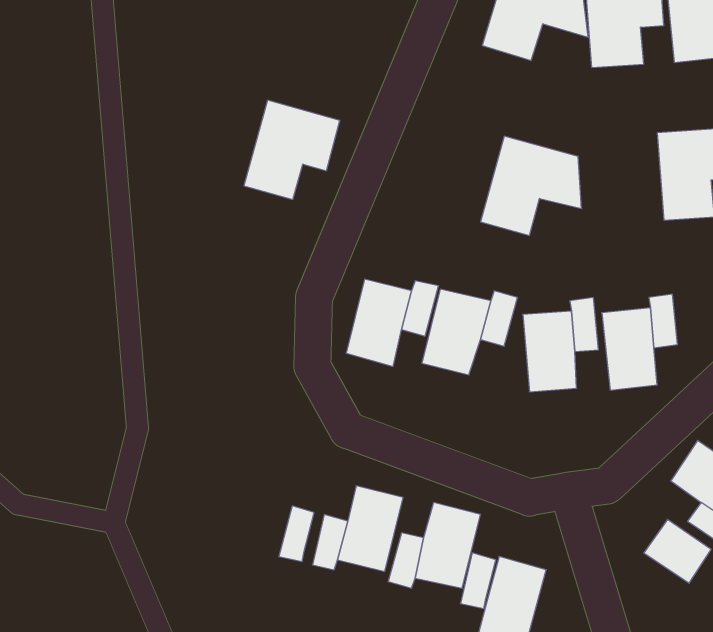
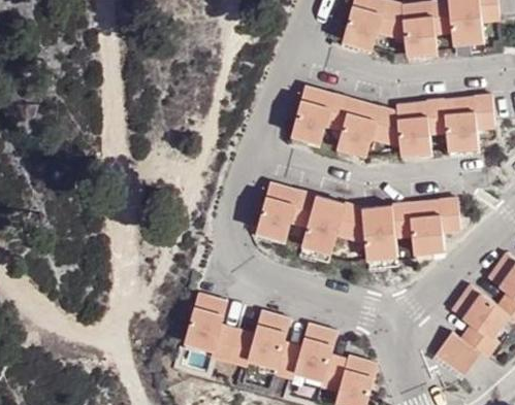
building: [244,100,340,199] -> [290,86,349,146]
building: none -> [397,100,446,157]
building: none -> [183,294,226,347]

